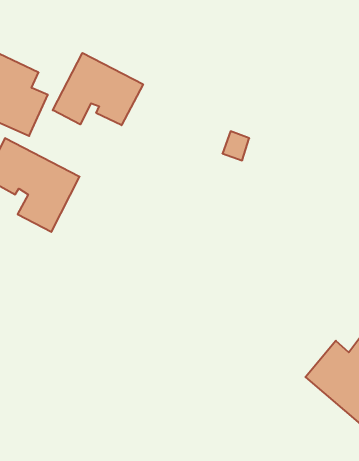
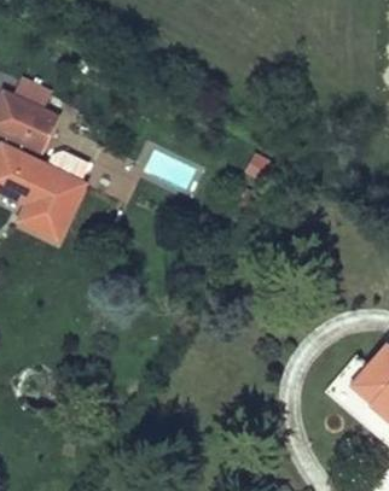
building: [53,53,143,125] -> none

